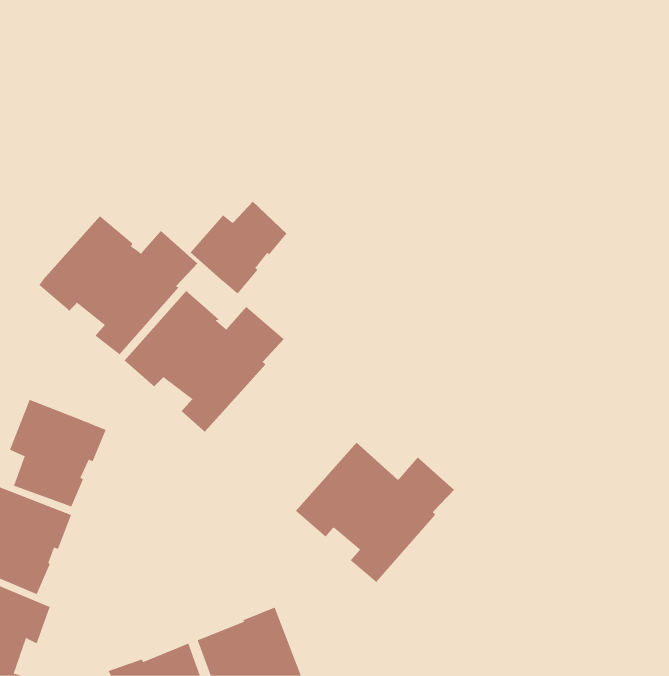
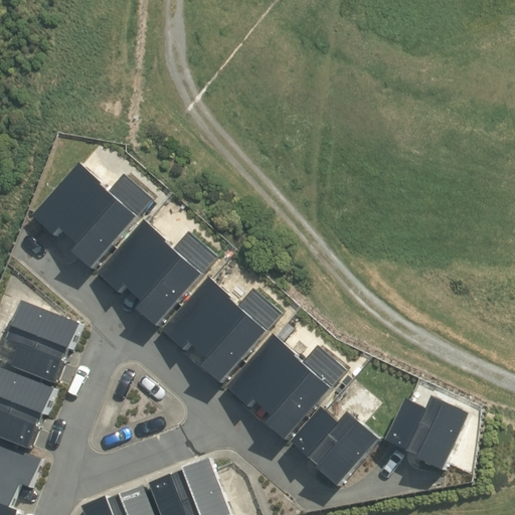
building: [190,201,287,294] -> none
building: none -> [155,277,279,383]
building: none -> [384,397,471,471]
building: none -> [290,407,378,487]

